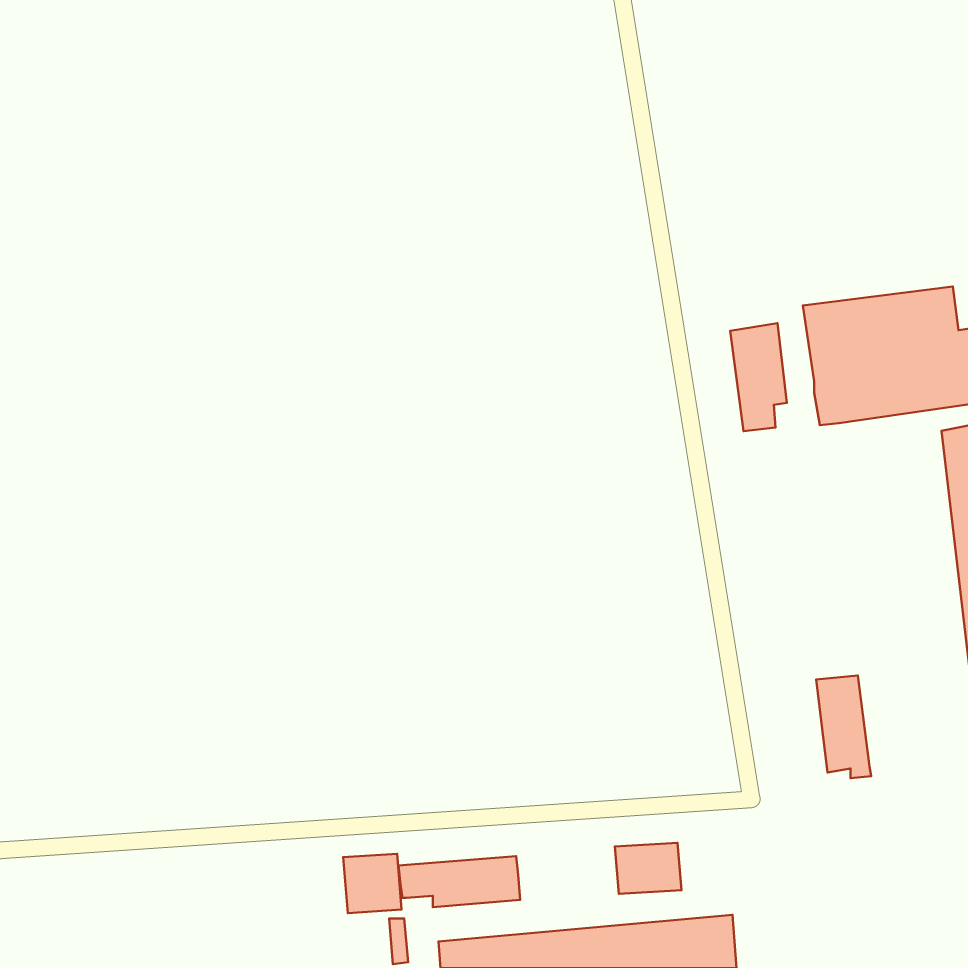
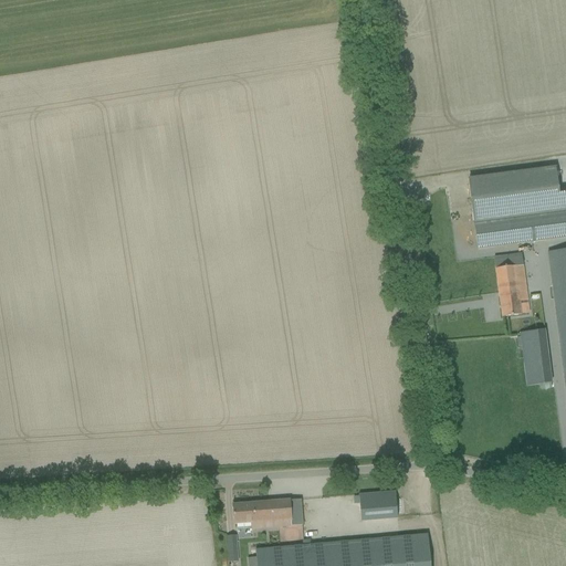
building: [730,323,787,431] -> [495,253,528,316]
building: [816,676,871,778] -> [521,329,553,389]
building: [343,854,402,913] -> none

